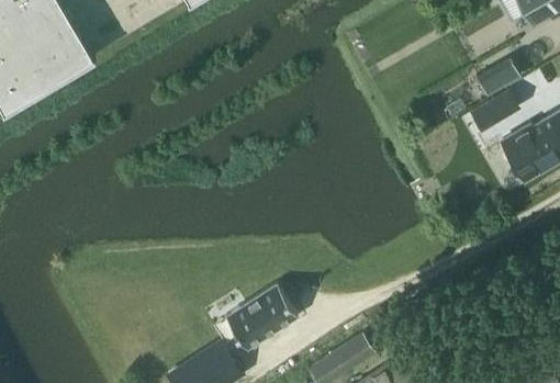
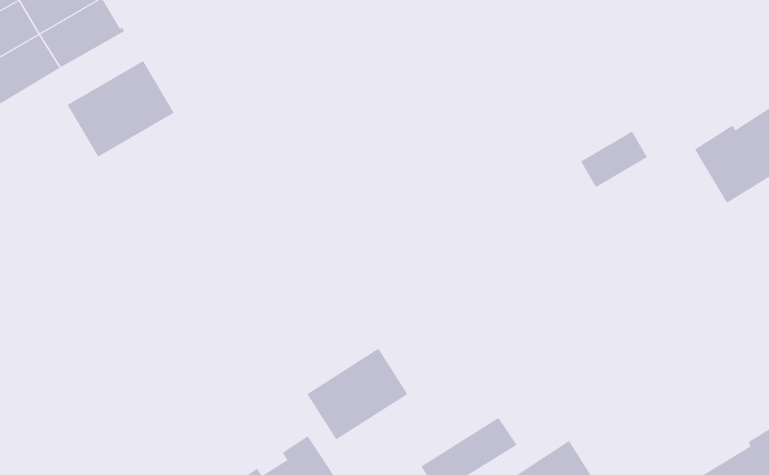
building: [474,60,519,100] -> none
building: none -> [67,60,174,158]
building: [470,93,518,134] -> [580,131,648,188]

